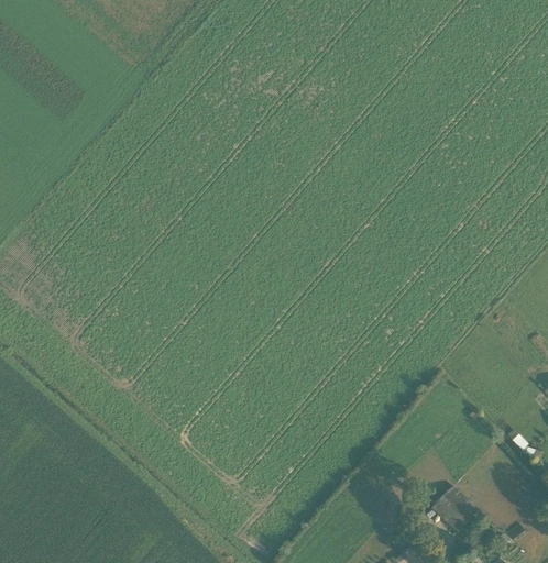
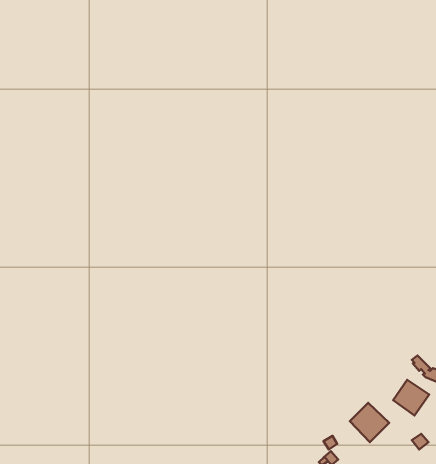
building: none -> [393,380,429,415]

